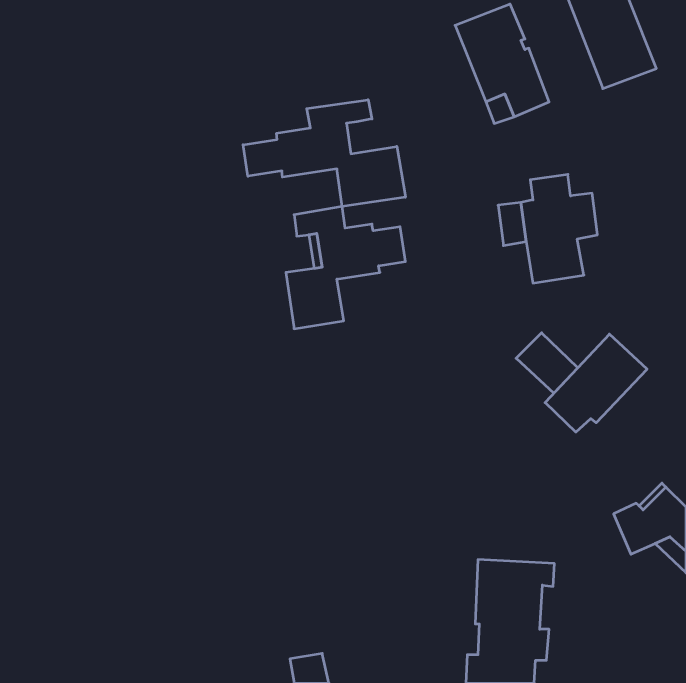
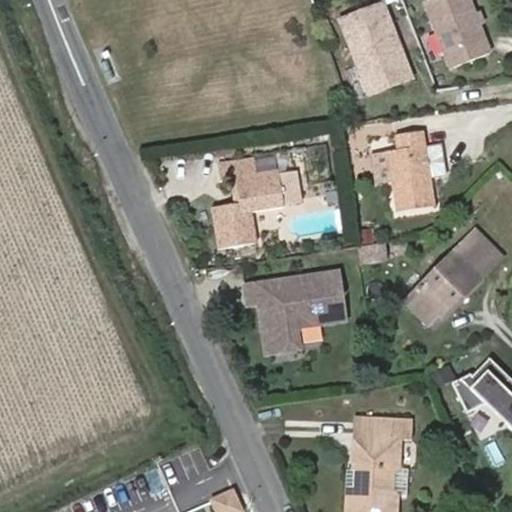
building: [243,100,405,207] -> none
building: [516,333,578,393] -> [454,230,500,275]
building: none -> [241,269,339,348]

